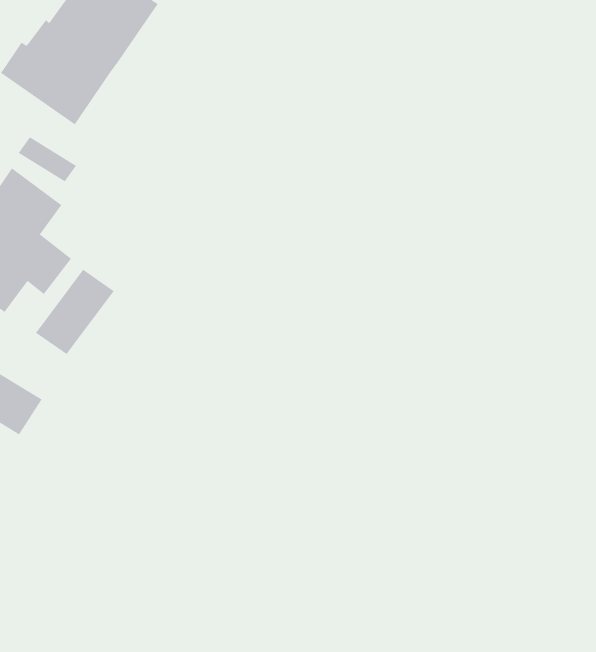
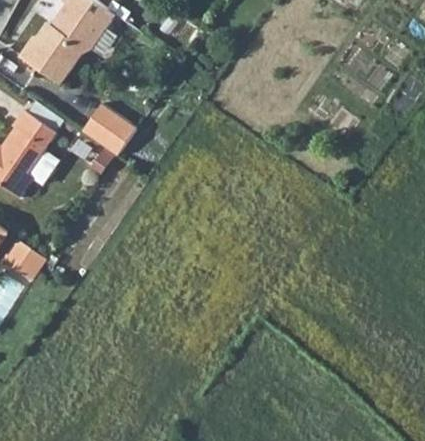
building: none -> [81,101,136,154]
building: [35,269,115,355] -> none

